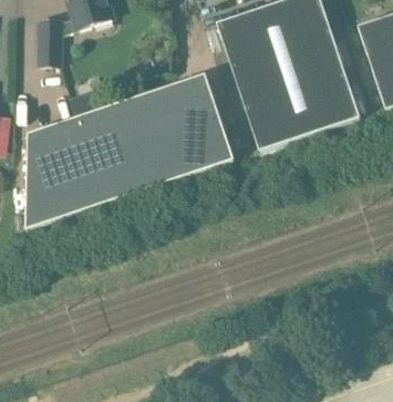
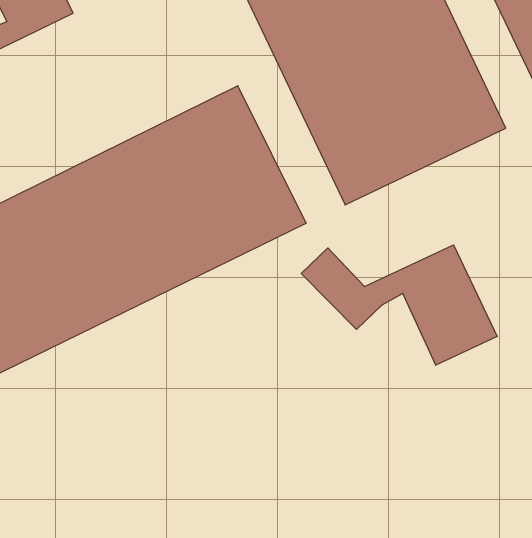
building: none -> [301,245,497,365]

